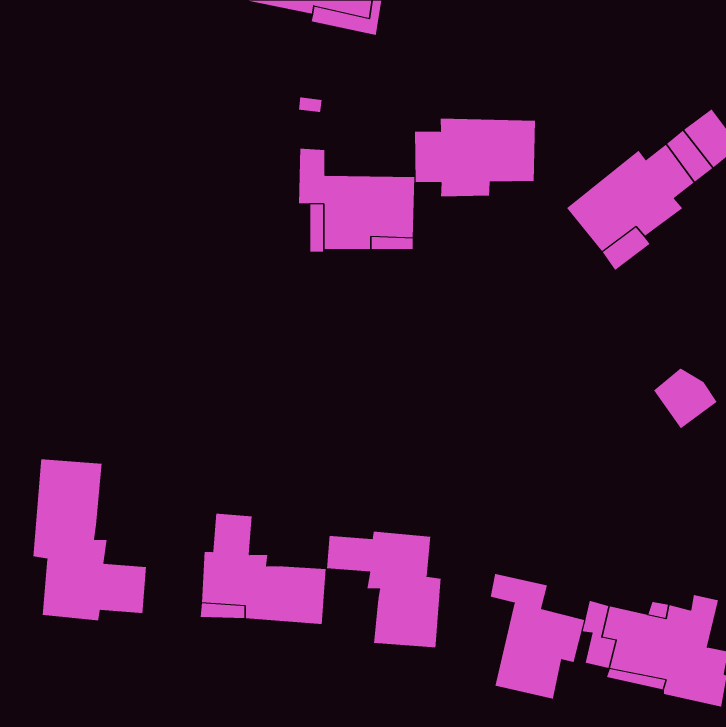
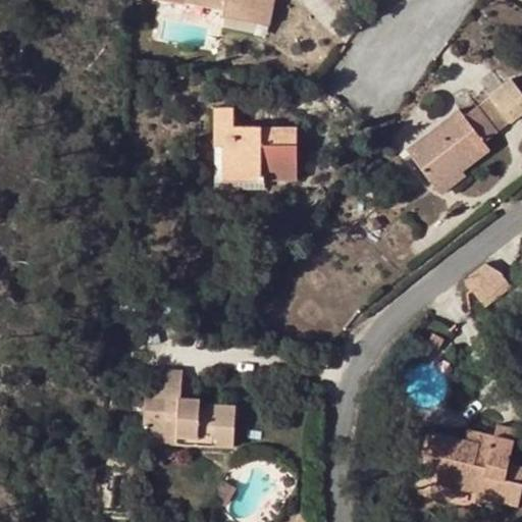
building: [414,118,536,197] -> none
building: [33,458,146,621] -> none
building: [327,531,441,648] -> none
building: [490,573,585,699] -> none

